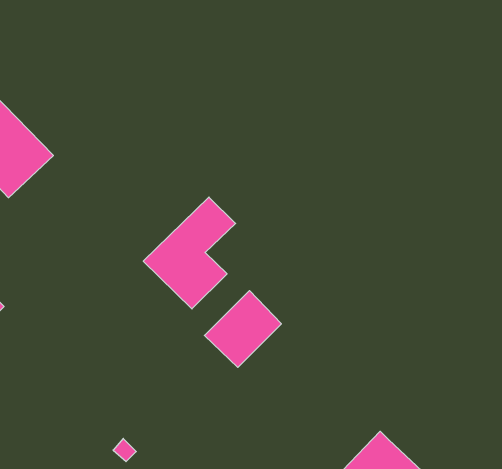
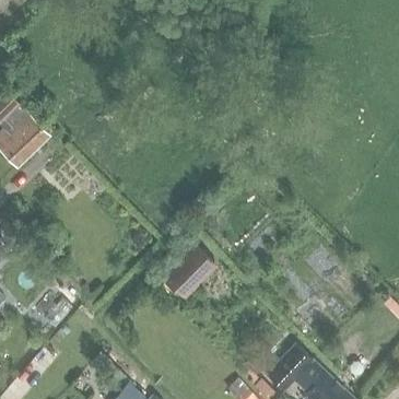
building: [143,197,236,309] -> none

